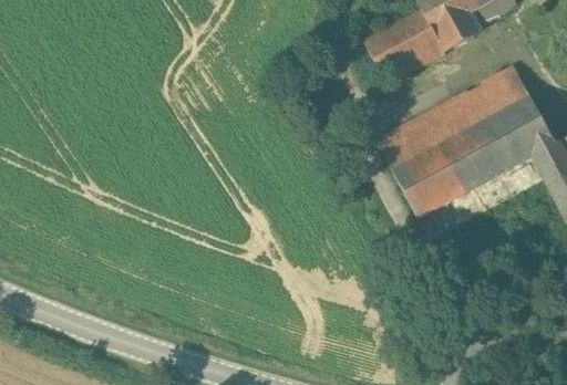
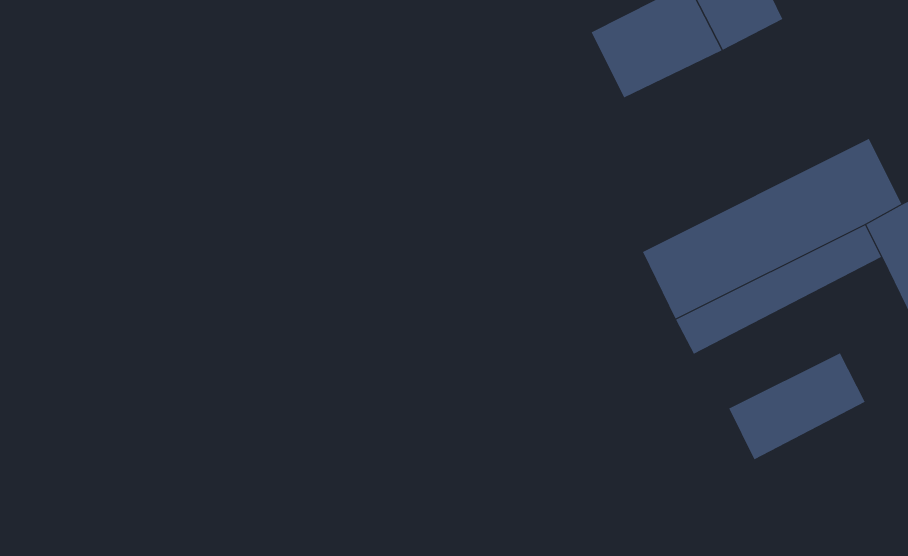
building: [379,66,533,169] -> none
building: none -> [729,352,866,460]

